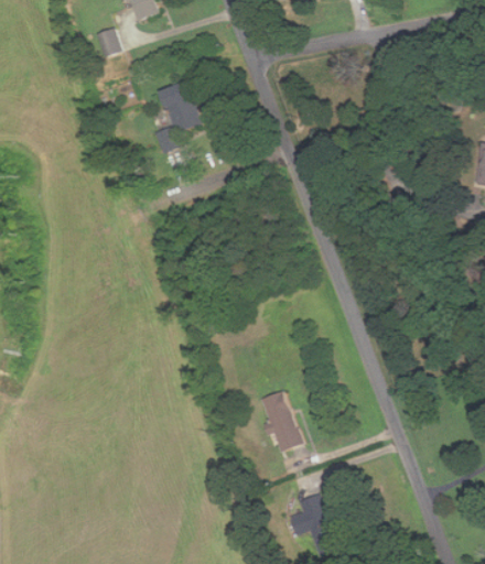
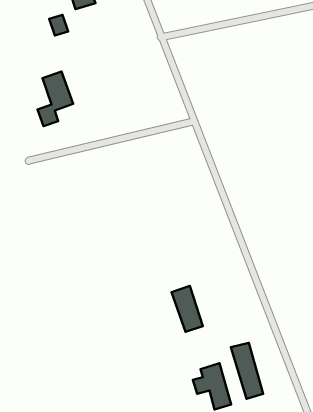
building: [153,80,201,153] -> [38,72,73,126]
building: none -> [231,343,263,399]

